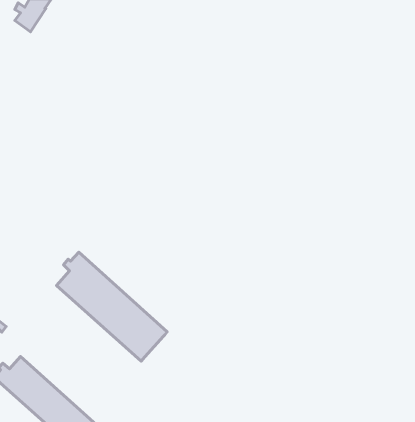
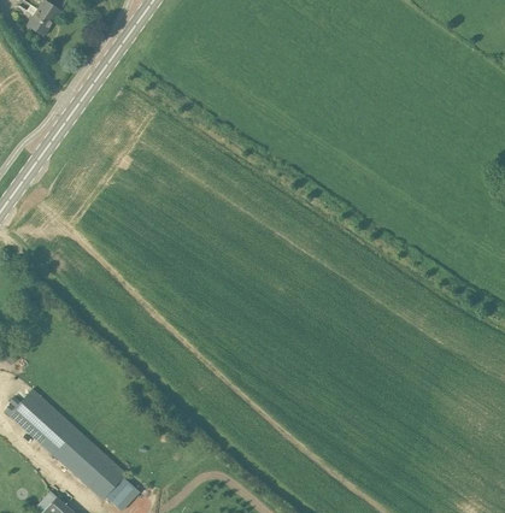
building: [56,252,167,361] -> none

